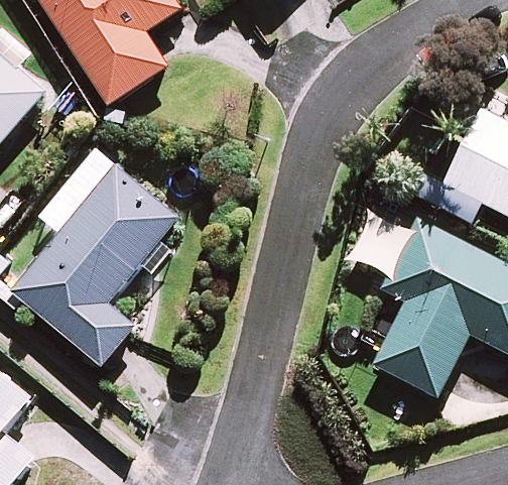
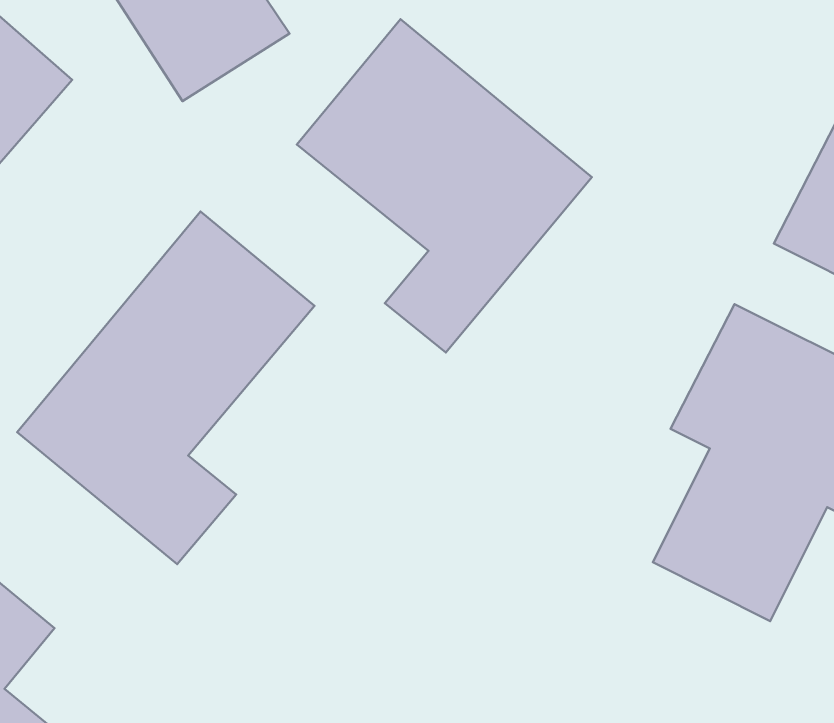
building: none -> [297,19,592,352]

